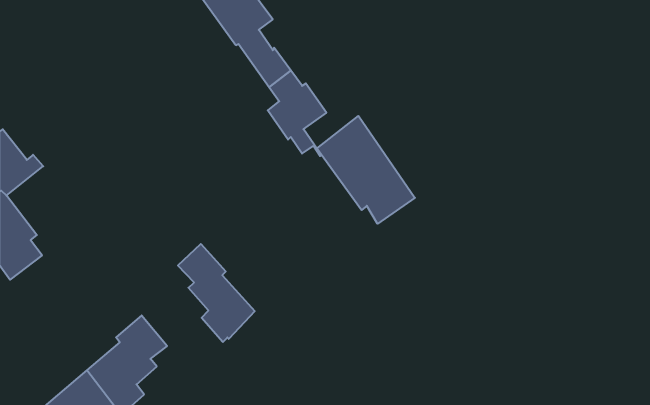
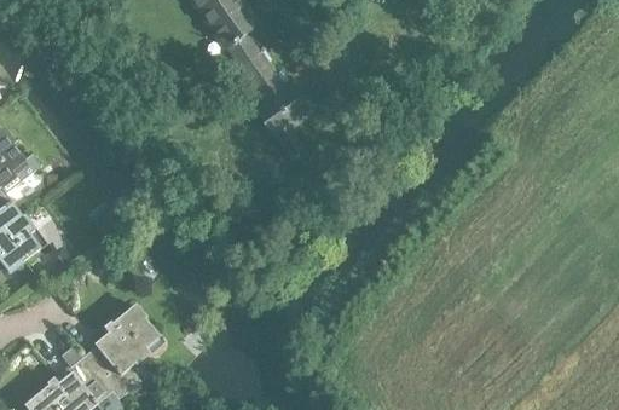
building: [317,116,415,224] -> none
building: [178,244,255,342] -> none

